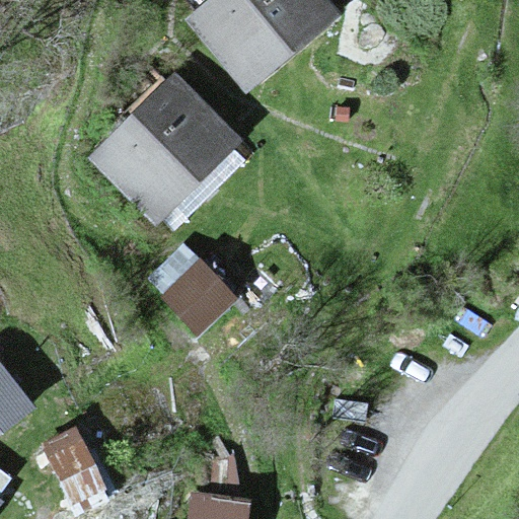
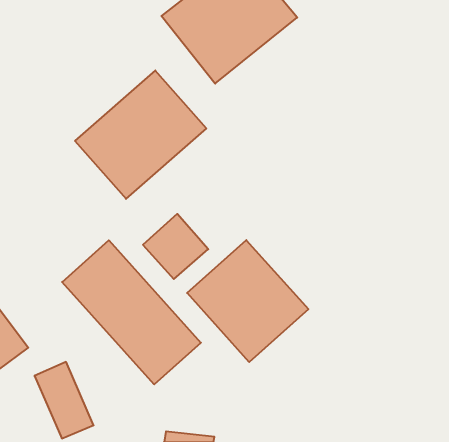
building: none -> [187,240,308,362]
building: none -> [62,240,201,384]

